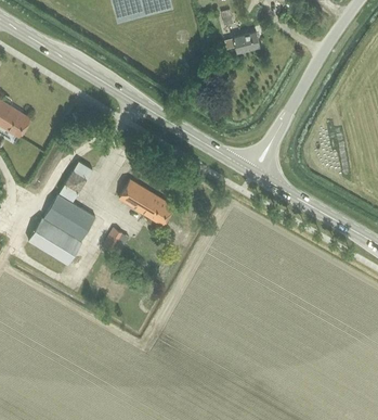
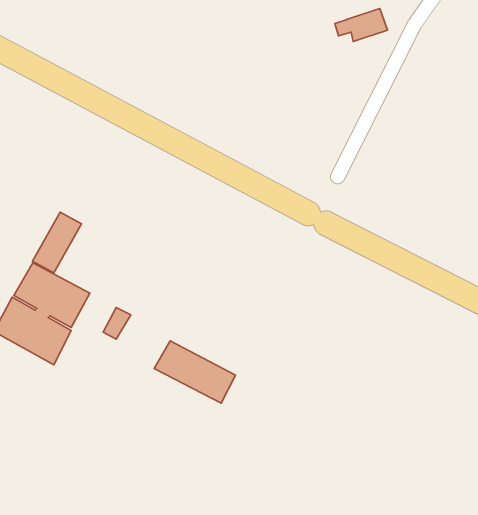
building: [225,31,261,53] -> [335,8,387,42]
building: [119,180,174,225] -> [154,341,235,403]

